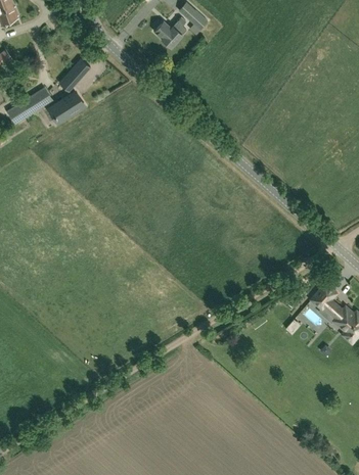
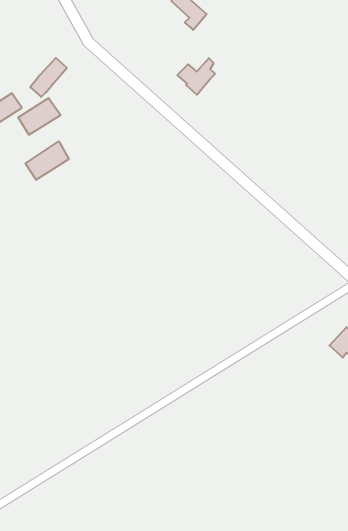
building: [154,16,186,47] -> [177,58,215,95]
building: none -> [26,141,69,180]

